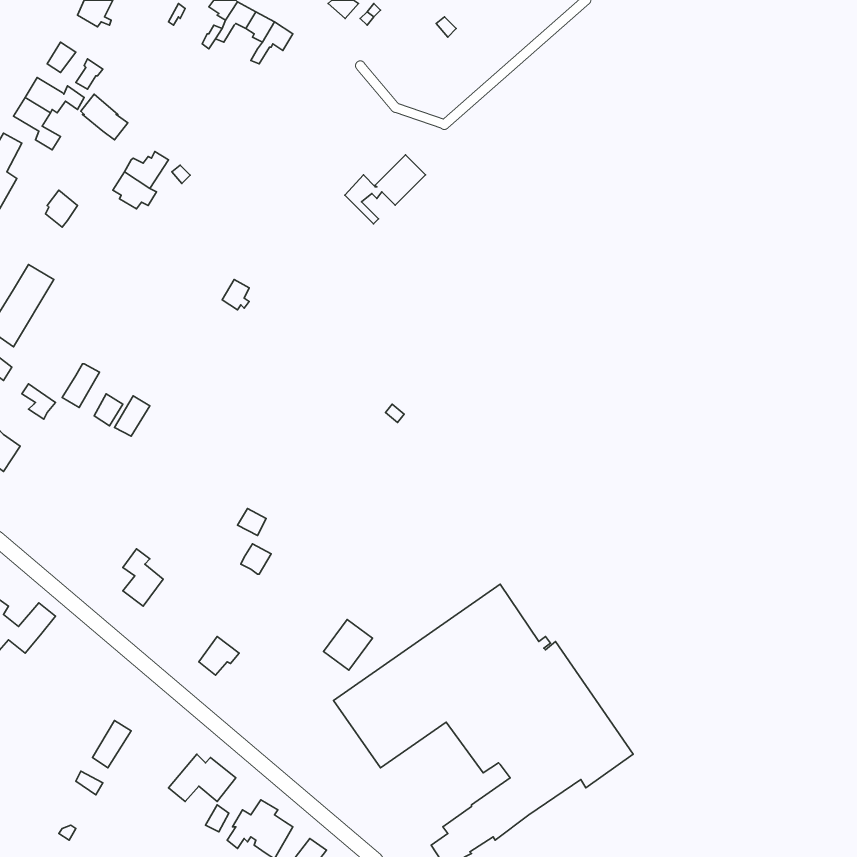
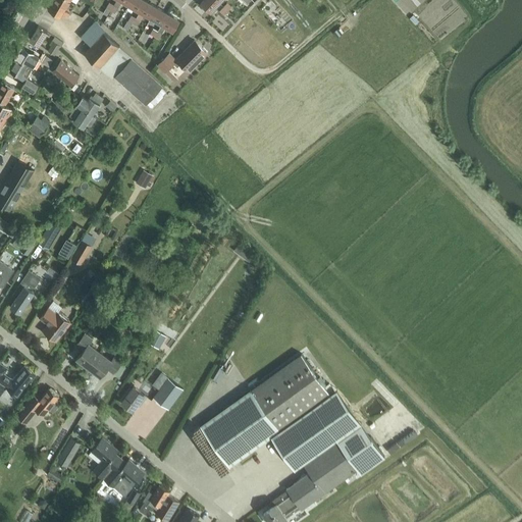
building: none -> [80,22,160,105]
building: [345,155,426,224] -> [156,42,205,84]
building: none -> [9,272,40,314]
building: none -> [39,309,69,342]
building: none -> [87,353,120,377]
building: [324,620,372,670] -> [152,379,181,410]
building: none -> [17,389,58,423]
building: none -> [90,438,119,479]

